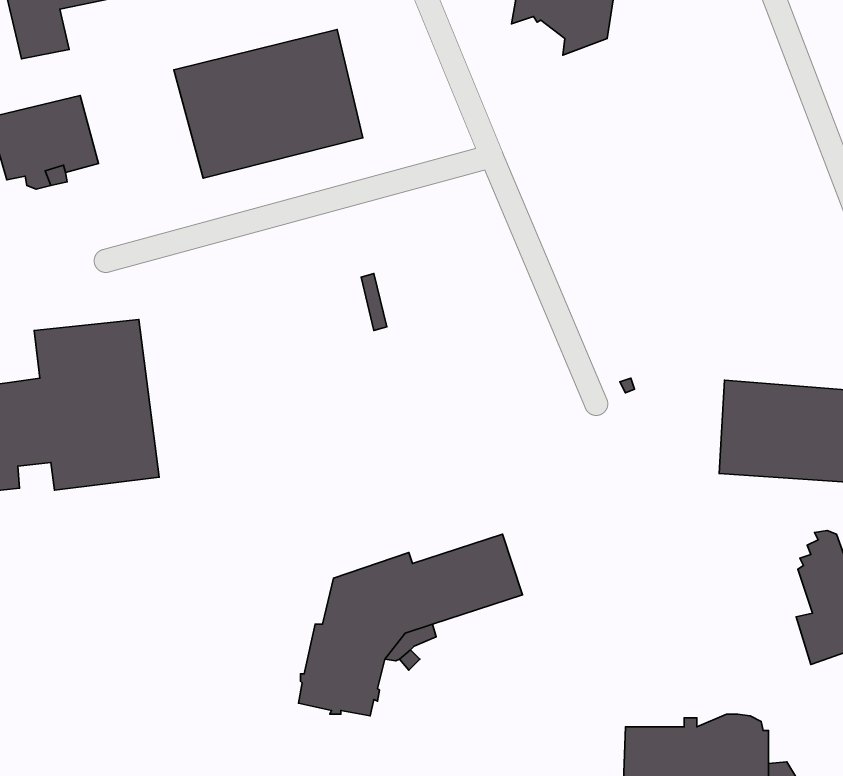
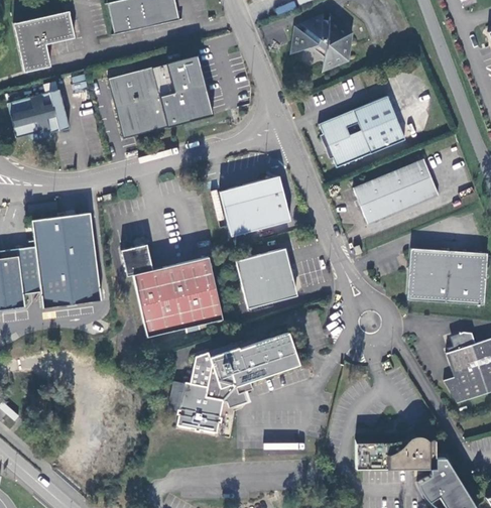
building: none -> [319,96,404,166]
building: none -> [353,158,438,224]
building: none -> [220,175,290,236]
building: none -> [121,244,223,336]
building: none -> [236,251,296,307]

